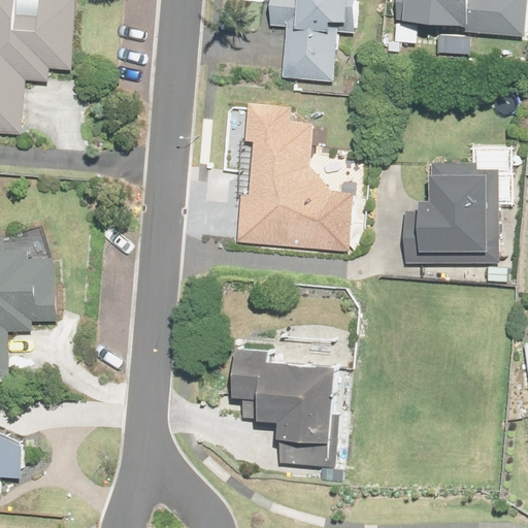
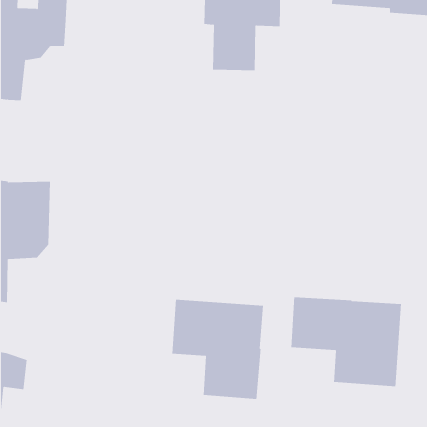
building: [226,104,351,257] -> none
building: [399,173,487,262] -> none
building: none -> [291,297,401,387]

